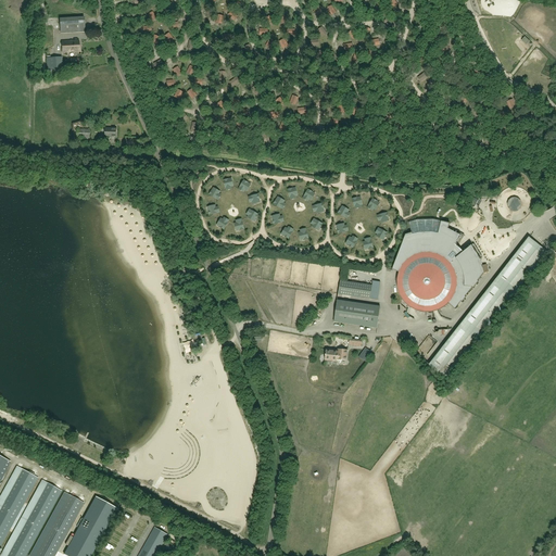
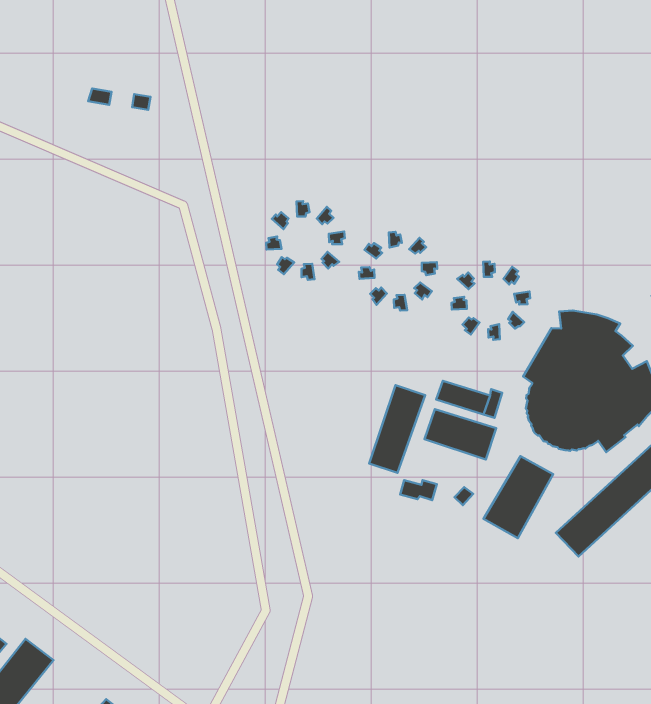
building: none -> [369,385,425,473]
building: none -> [484,456,553,538]

